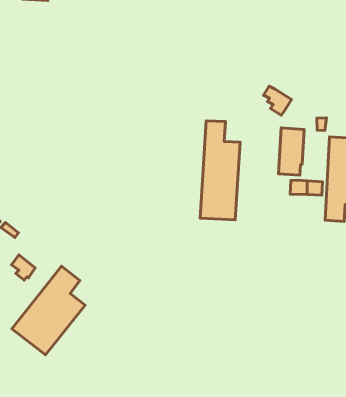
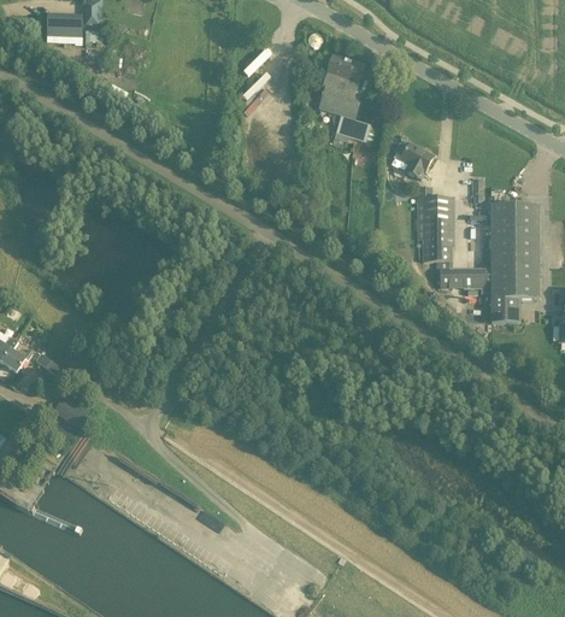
building: none -> [318,54,375,143]
building: [200,121,240,220] -> none
building: [12,266,85,355] -> none

